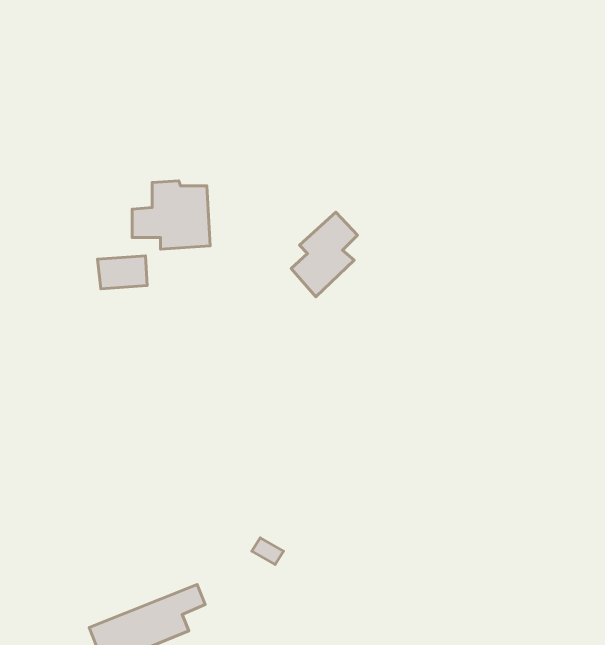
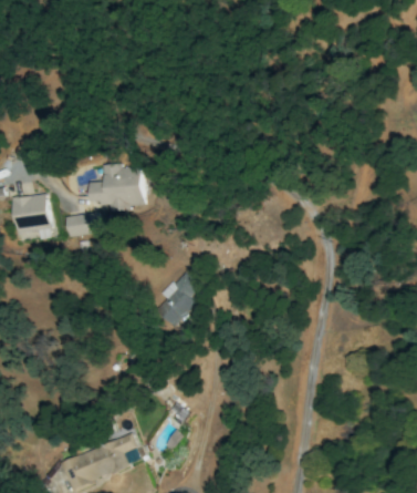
building: [291,212,357,297] -> [154,271,198,328]
building: none -> [12,194,50,237]

